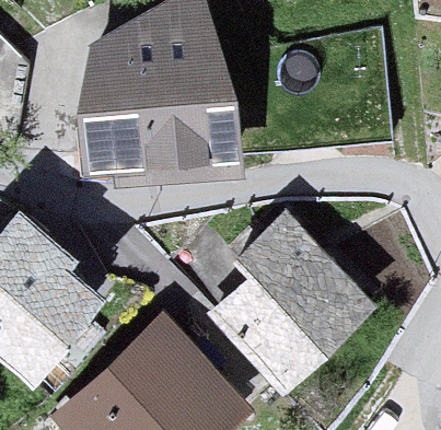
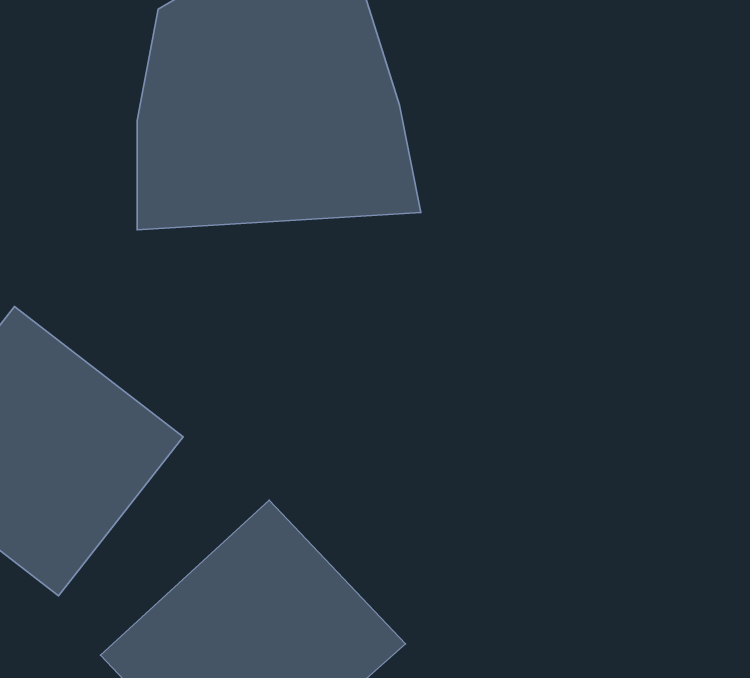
building: [220,225,367,384] -> none

